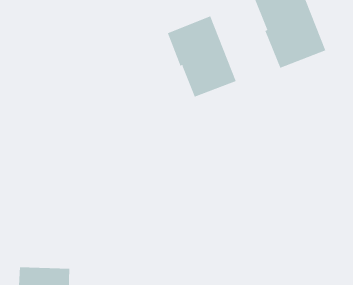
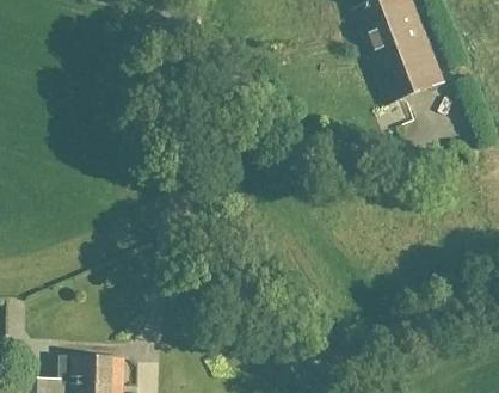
building: [167,15,236,98] -> none

